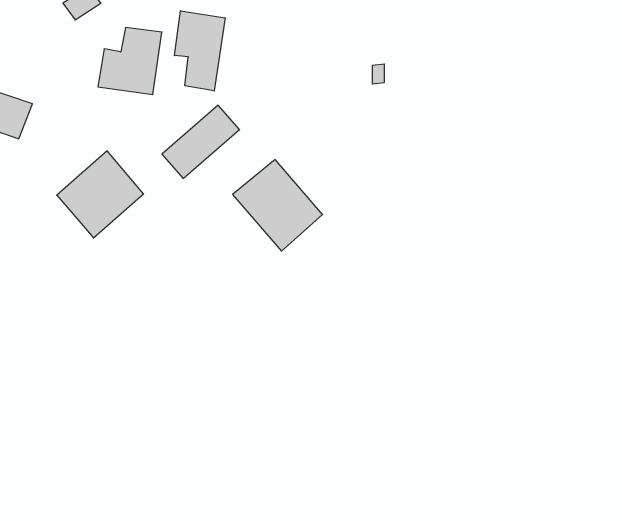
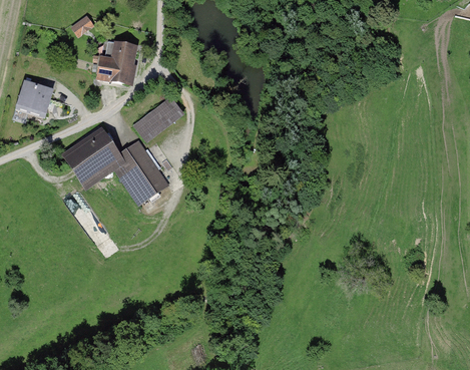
building: [174,11,225,91] -> none
building: [233,160,323,251] -> [109,141,168,202]

